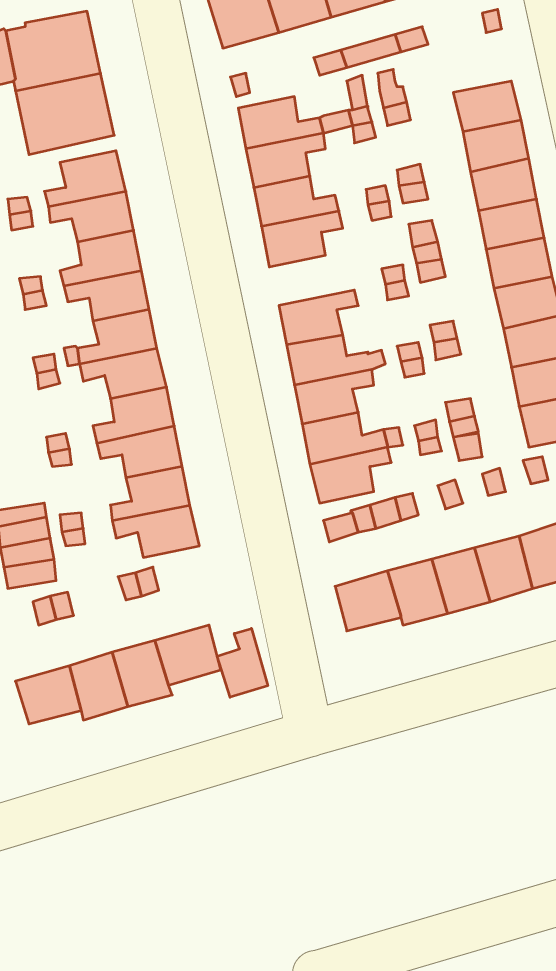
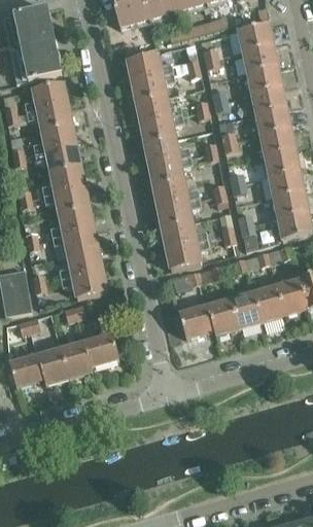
building: none -> [238,23,273,50]
building: none -> [144,137,189,164]
building: [217,628,268,697] -> none

